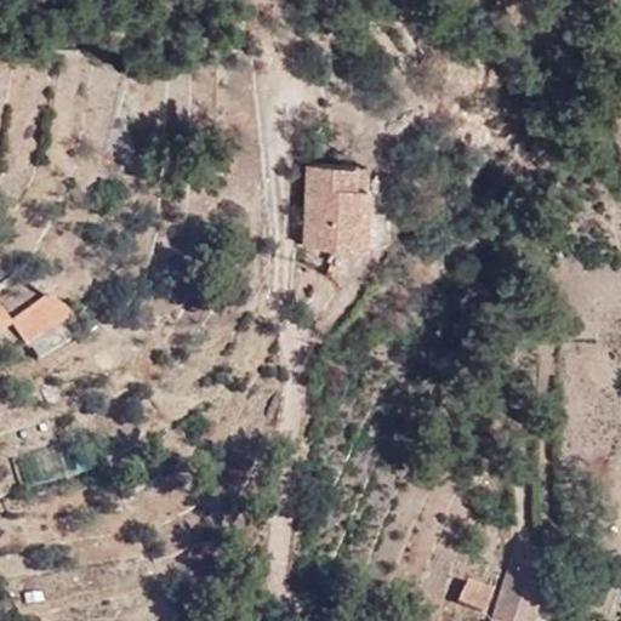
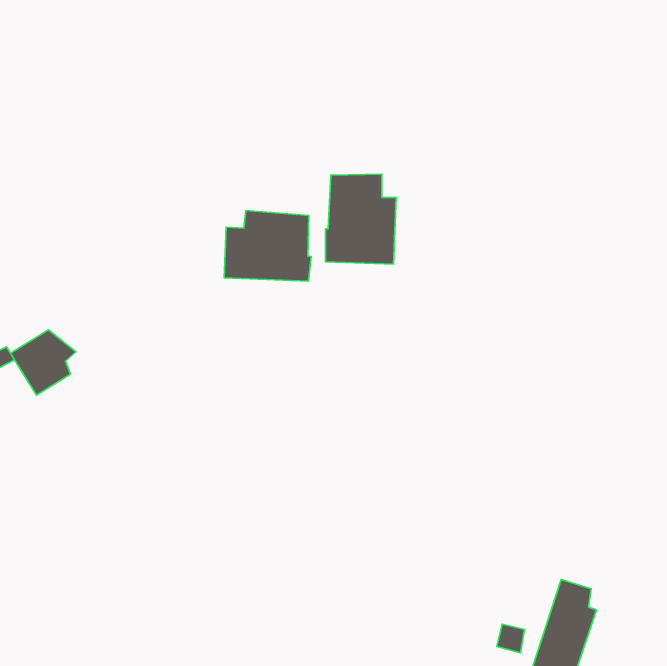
building: none -> [224,210,311,281]

